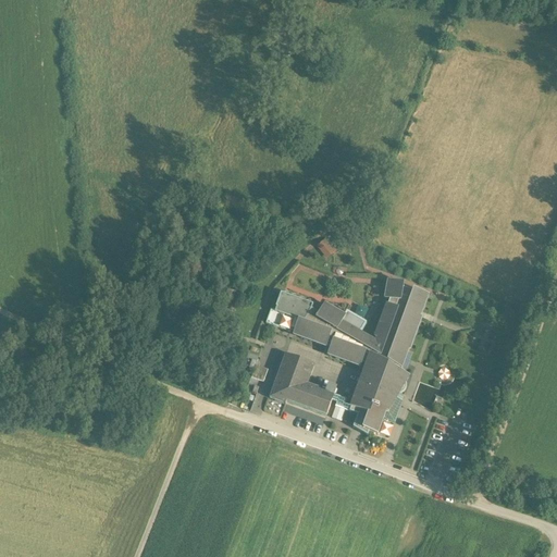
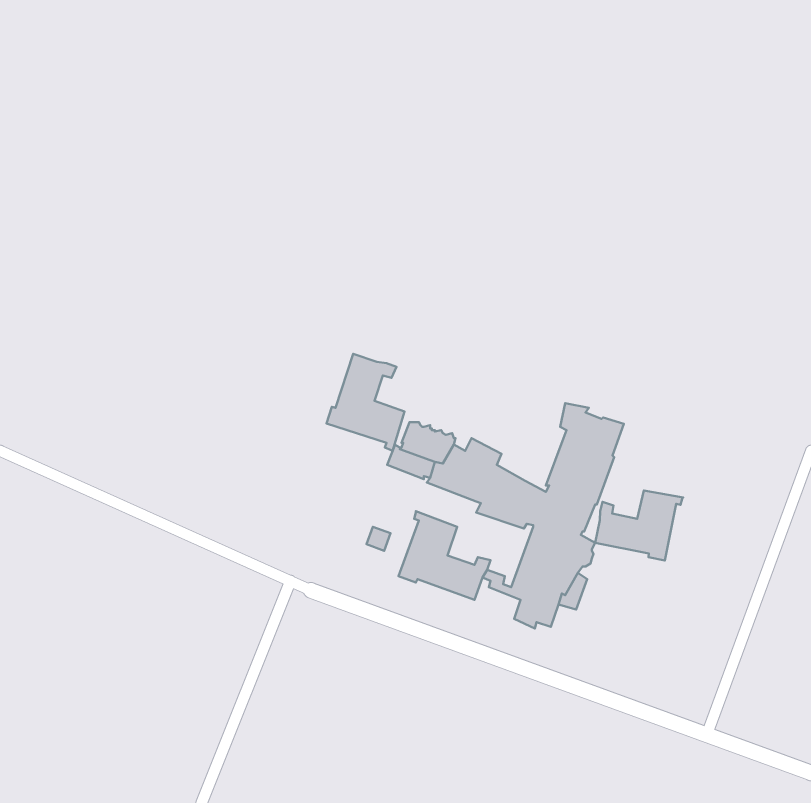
building: none -> [327,354,404,451]
building: none -> [595,490,683,560]

